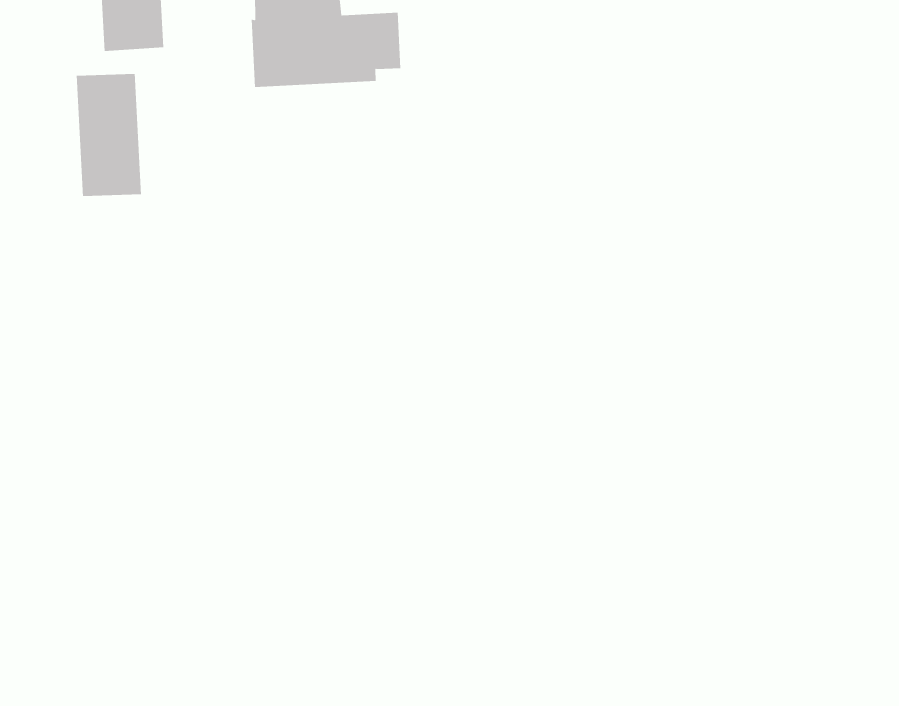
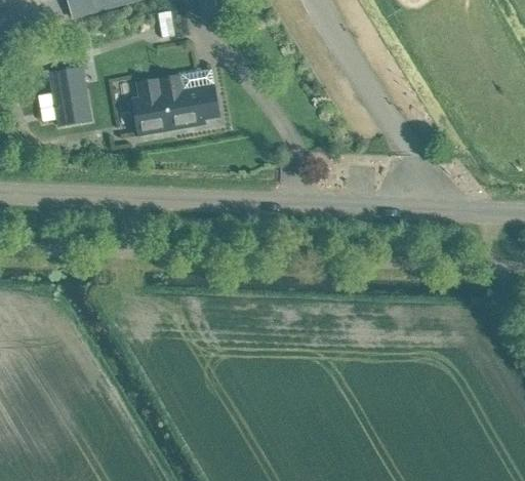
building: [76,73,142,197] -> none

